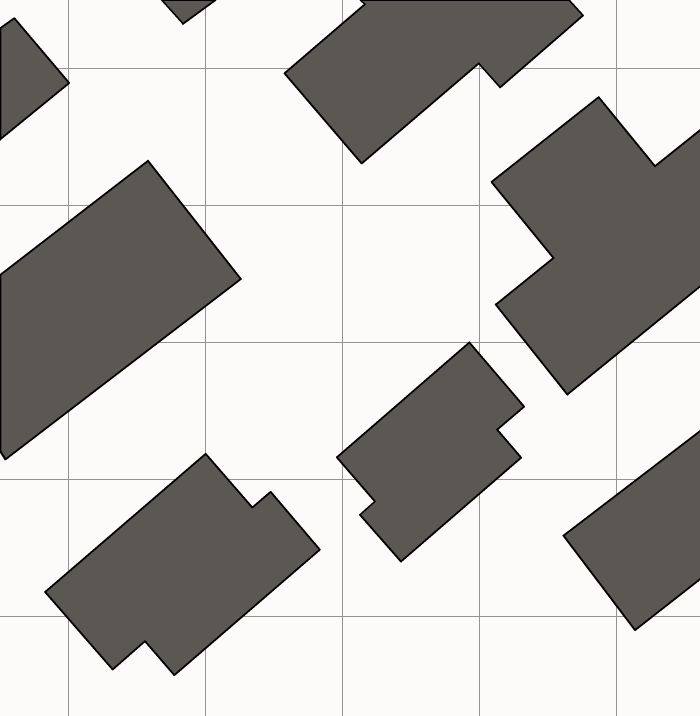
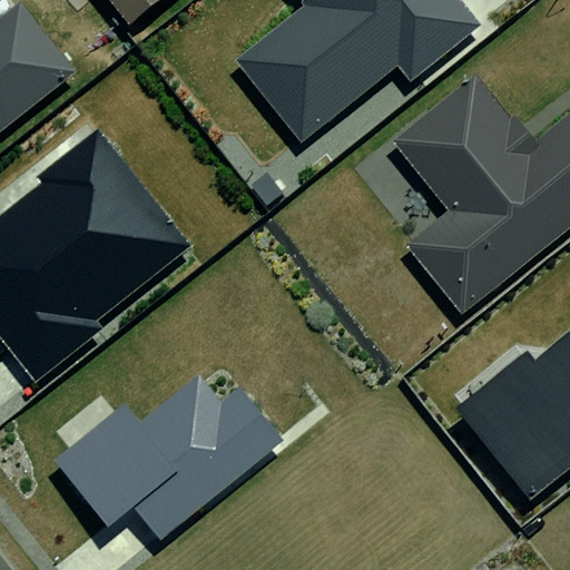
building: [337,342,524,562] -> none

